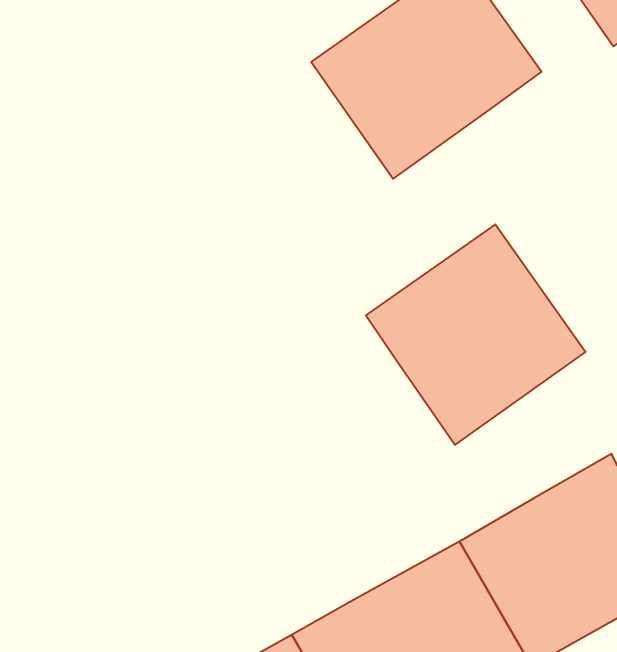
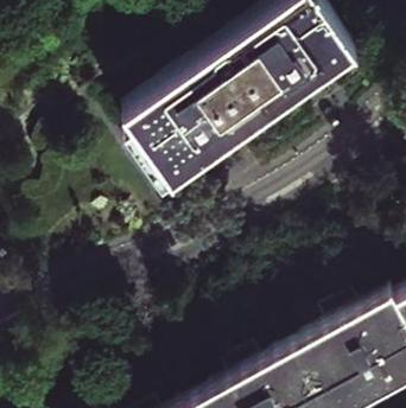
building: none -> [127,40,268,177]
building: [366,224,586,445] -> none

